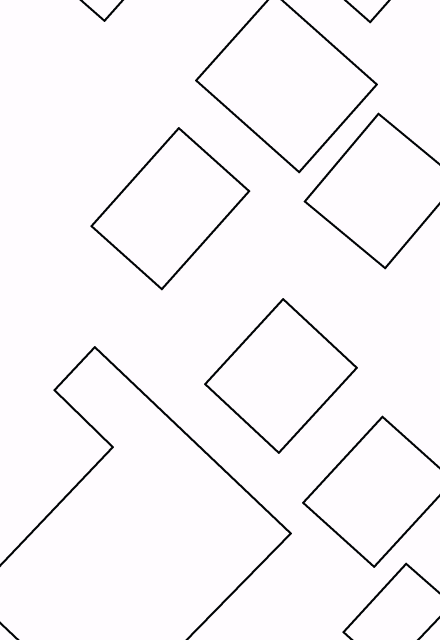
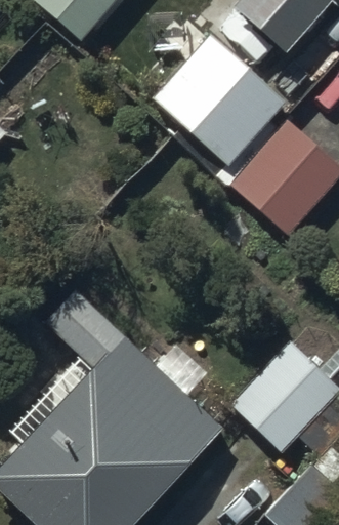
building: [91,128,249,289] -> none
building: [205,299,357,453] -> none

